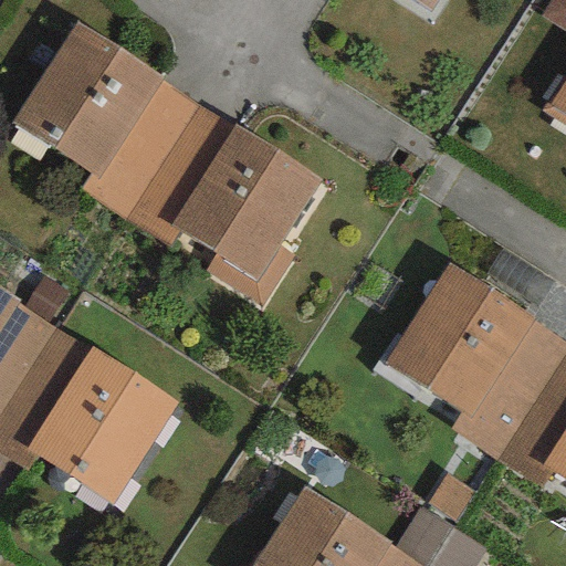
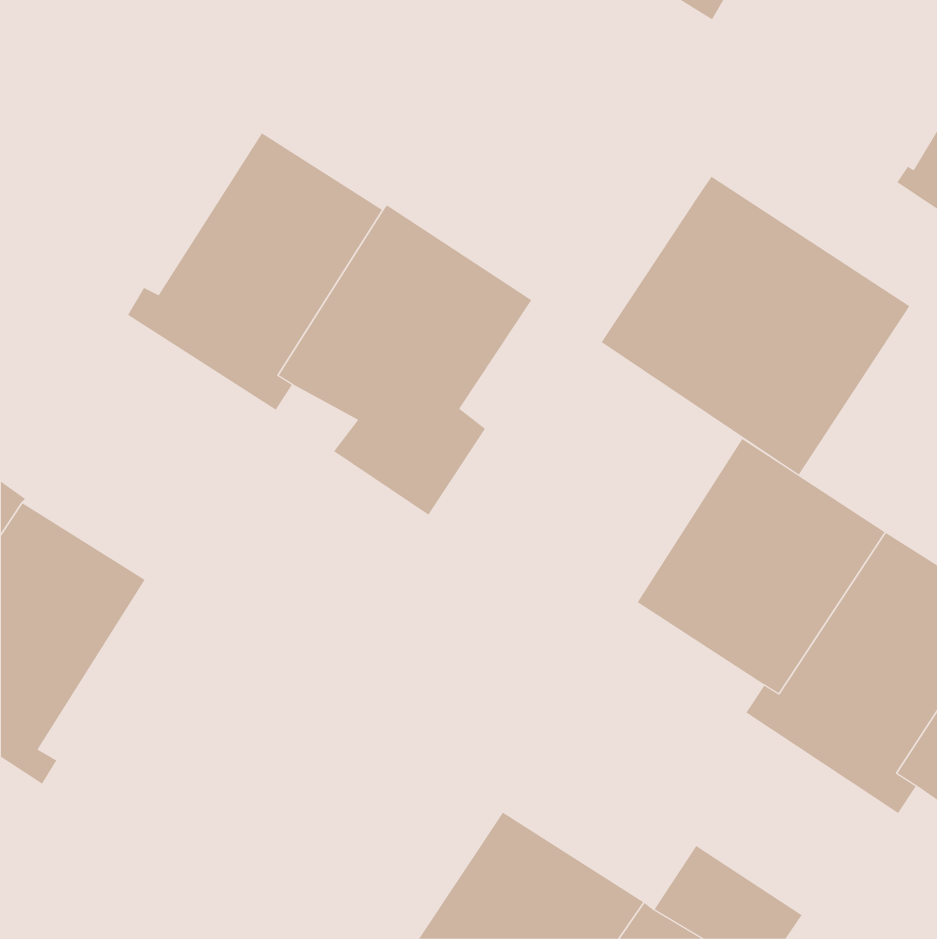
building: [11,20,163,177] -> none
building: none -> [601,176,910,475]
building: [25,348,179,505] -> none

